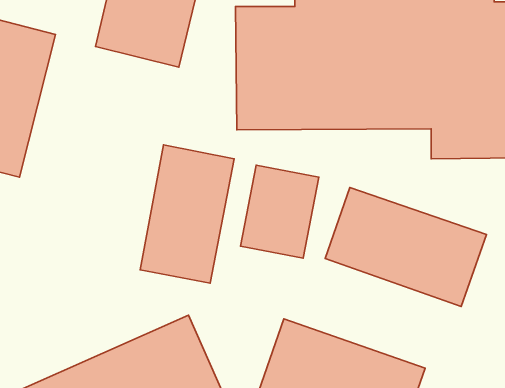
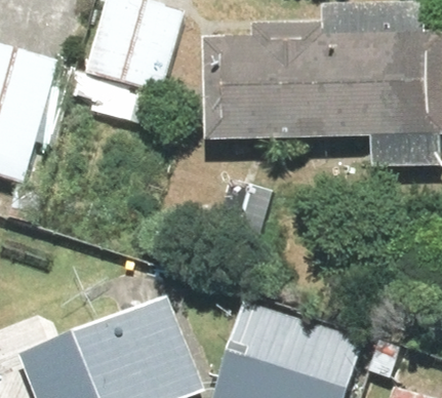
building: [140,145,234,283] -> none
building: [325,188,486,306] -> none

